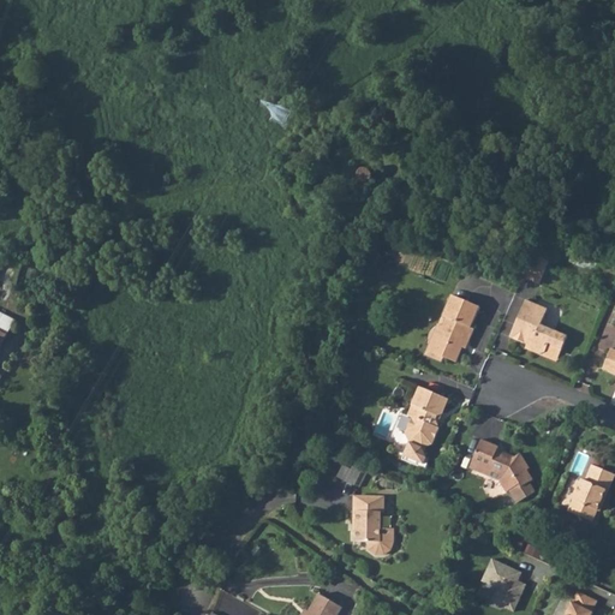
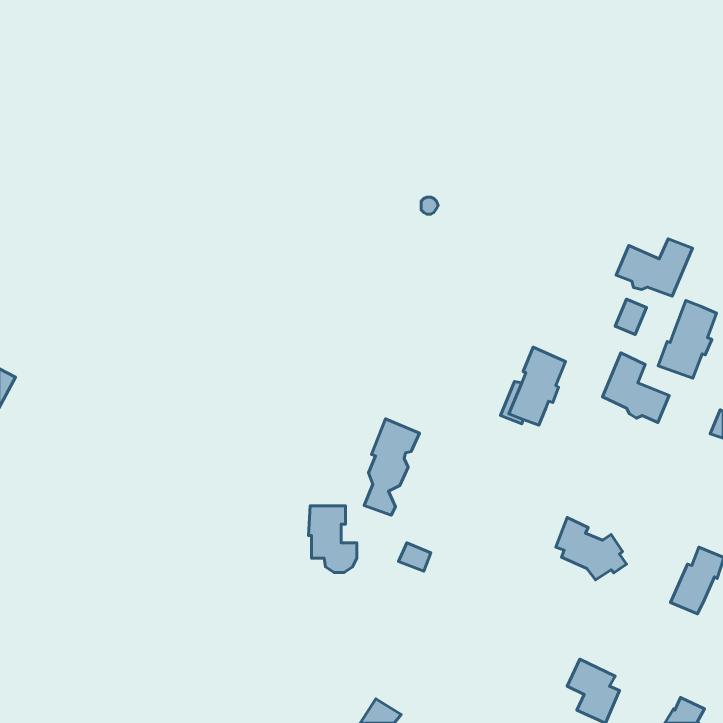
building: none -> [616,239,693,296]
building: none -> [658,301,716,378]
building: [401,386,448,467] -> [364,419,420,515]
building: [351,492,392,549] -> [309,506,357,572]

